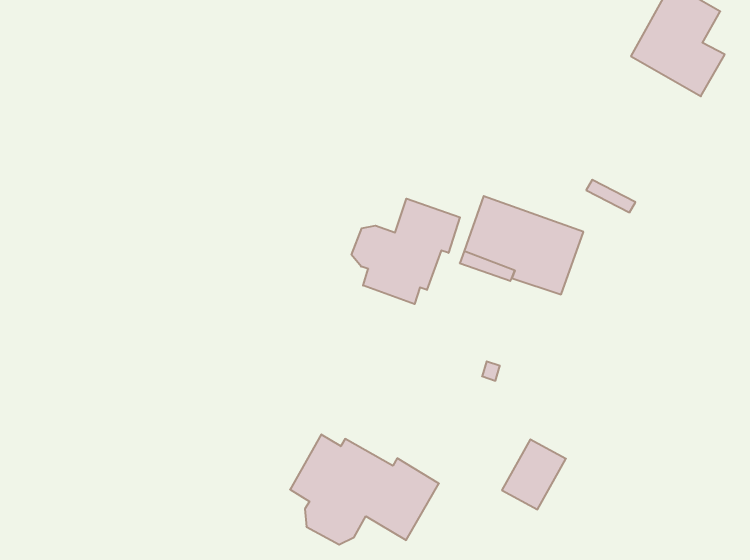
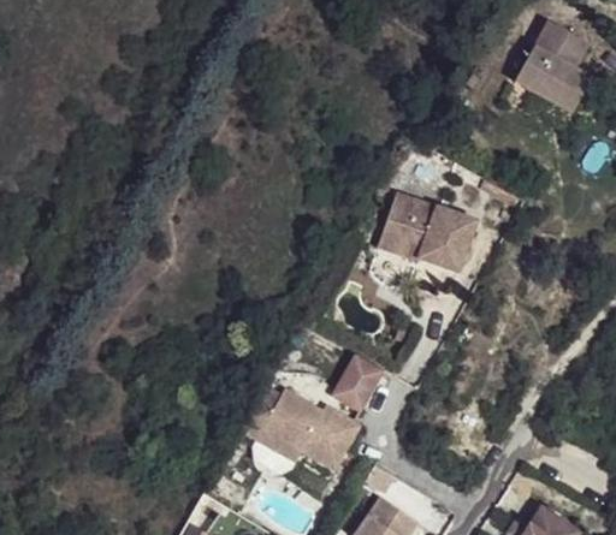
building: [352,199,460,304] -> none
building: [502,439,566,509] -> [332,356,384,412]

